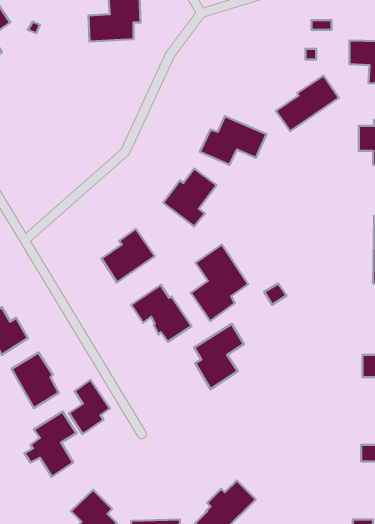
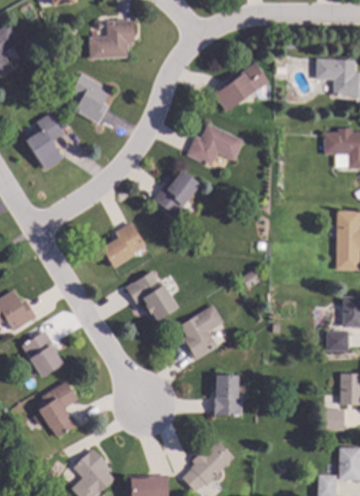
building: none -> [70,73,110,123]
building: [276,75,339,131] -> [214,62,268,110]
building: none -> [26,111,64,170]
building: [191,245,248,321] -> none
building: [69,380,110,434] -> none
building: none -> [215,374,242,416]

